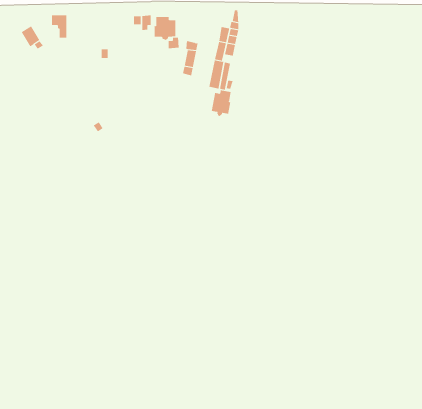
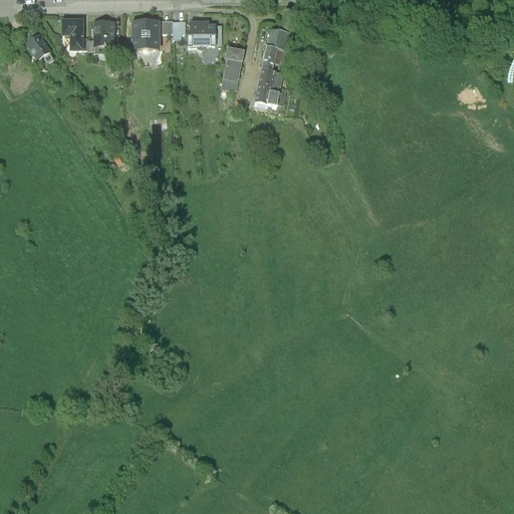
building: none -> [95,18,114,49]
building: none -> [133,18,159,46]
building: [211,89,231,117] -> none

